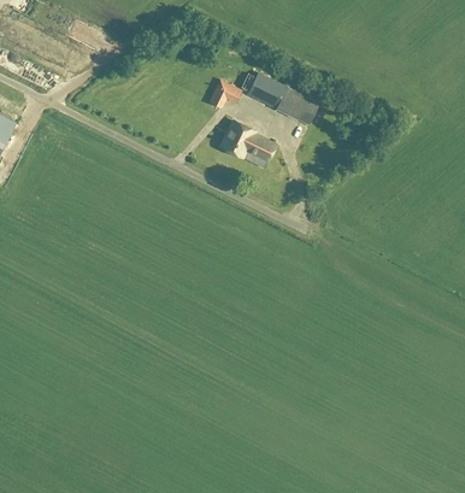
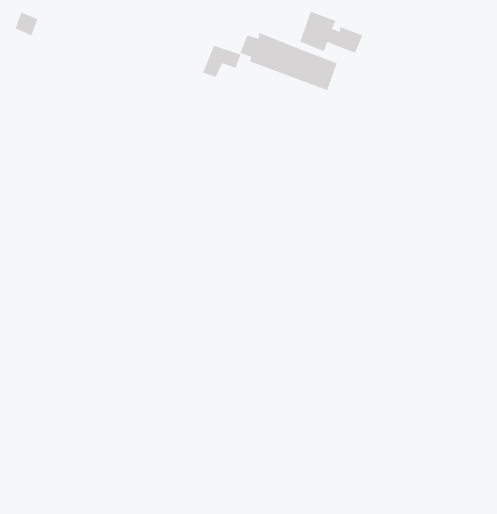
building: [222,122,273,159] -> [299,11,363,54]

